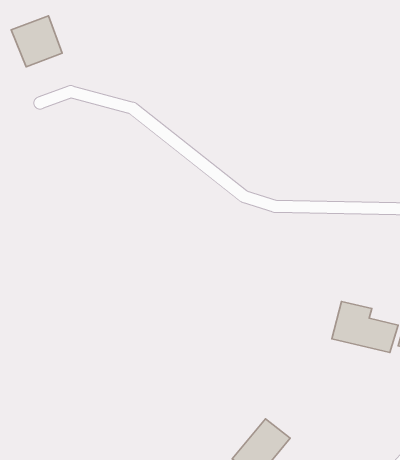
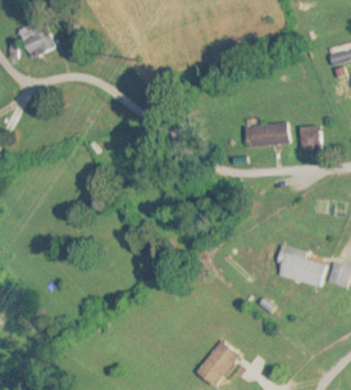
building: none -> [245,123,291,147]
building: none -> [301,126,322,151]

